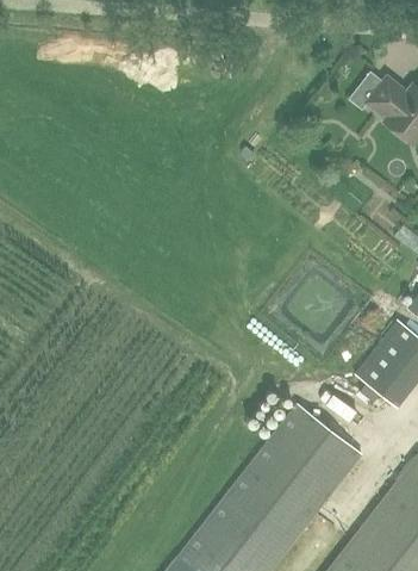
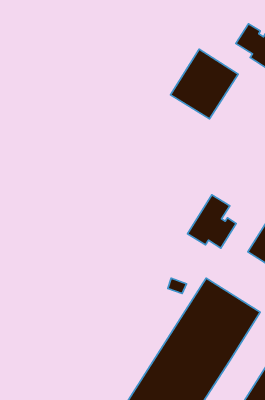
building: none -> [171,49,238,119]
building: none -> [187,195,236,248]

